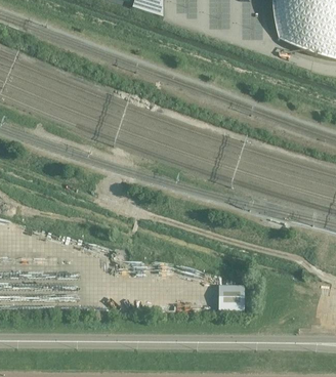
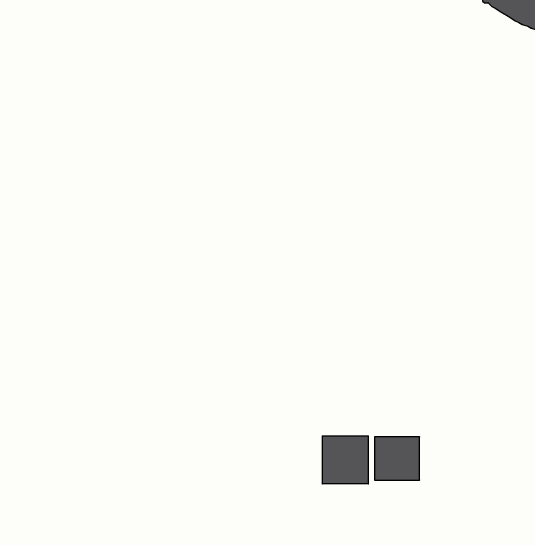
building: none -> [322,436,368,484]

